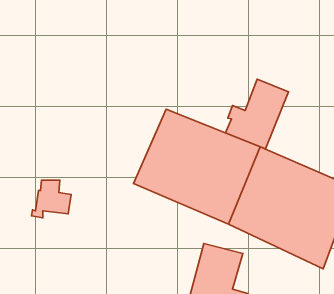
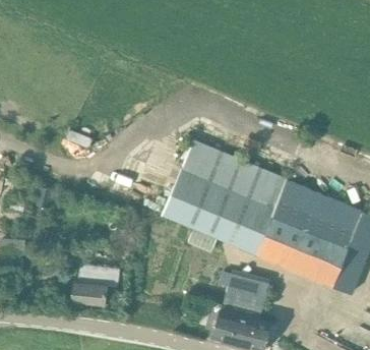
building: [226,79,289,149] -> none
building: [31,180,71,218] -> [67,272,107,309]

